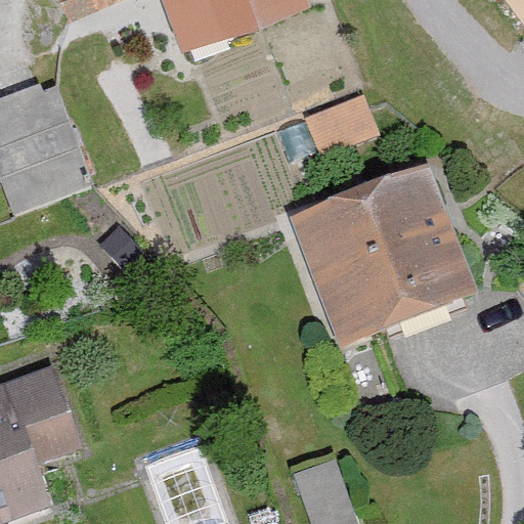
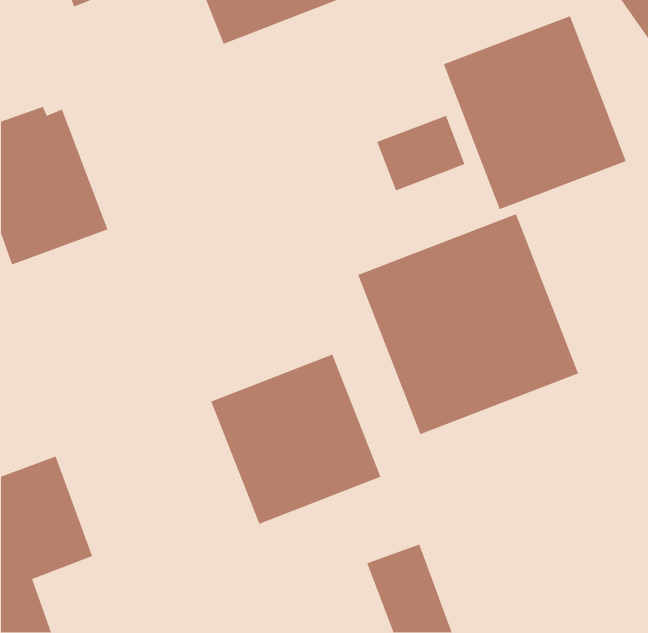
building: none -> [443,15,627,210]
building: none -> [210,353,382,525]

